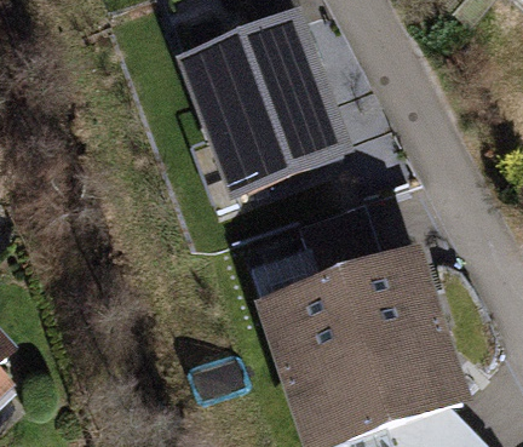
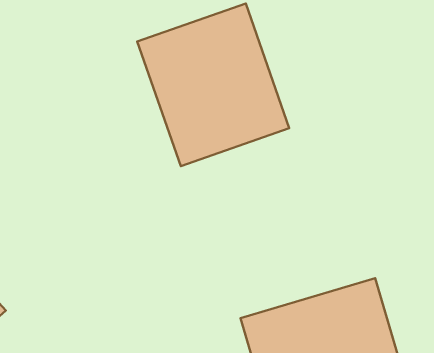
building: [266,235,443,366] -> none

